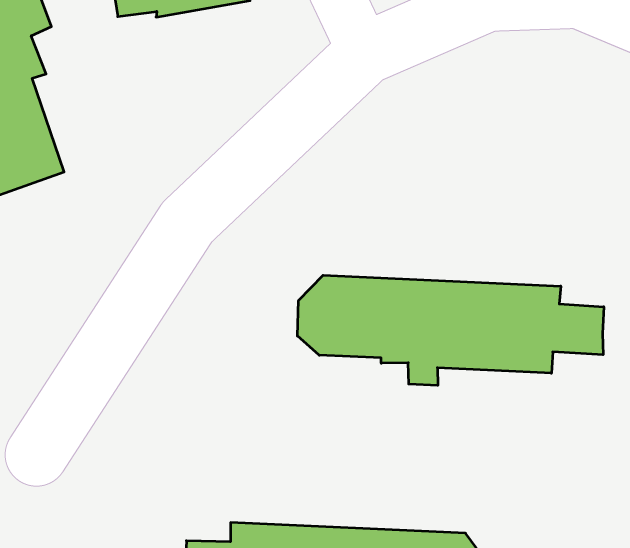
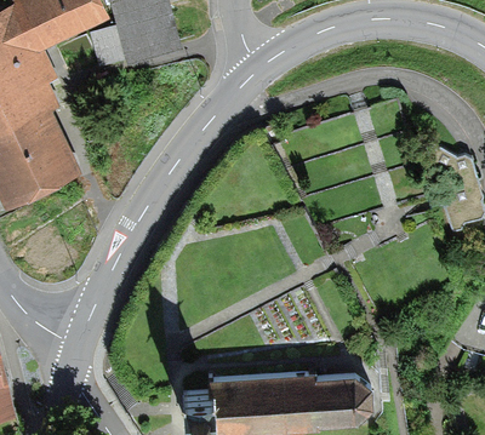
building: [297,275,604,385] -> none

